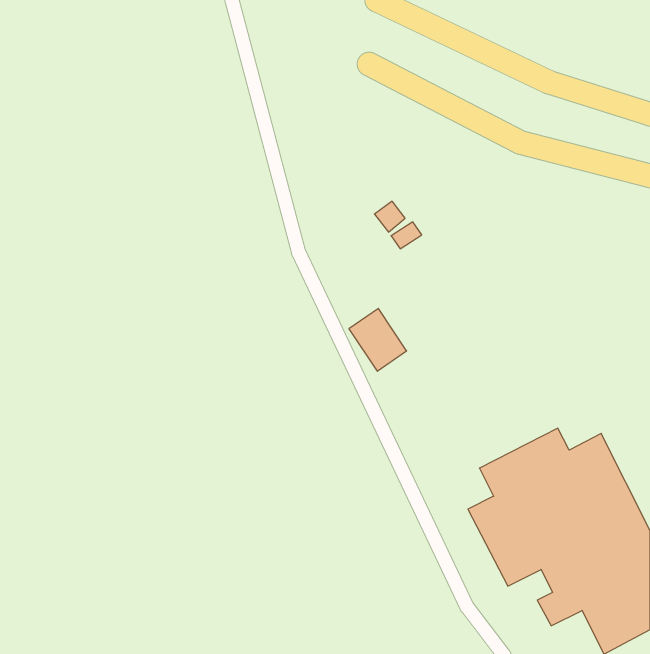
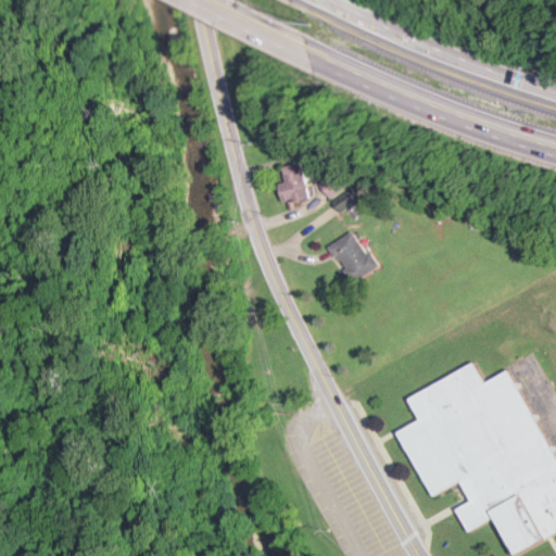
building: none -> [277,162,306,201]
building: [349,308,407,371] -> [327,229,376,282]

